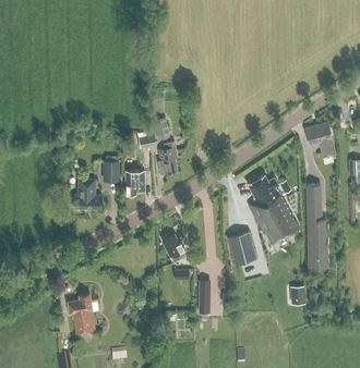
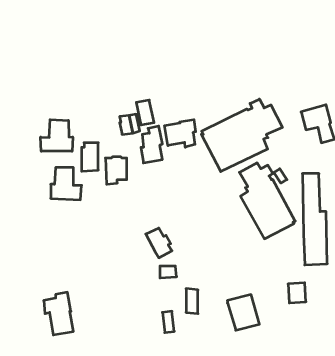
building: none -> [201,99,282,172]
building: none -> [165,120,196,147]
building: none -> [41,120,73,151]
building: [228,231,257,263] -> [227,295,259,330]

